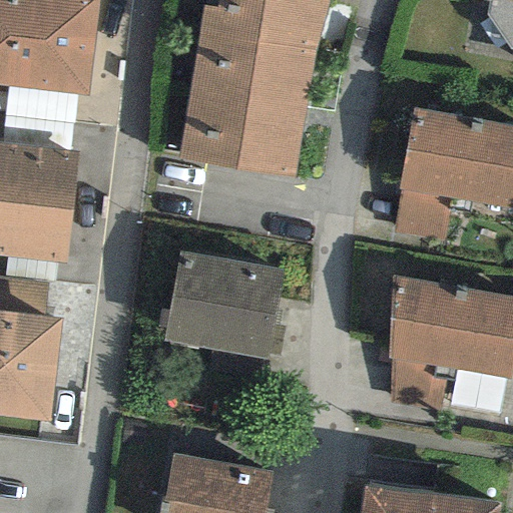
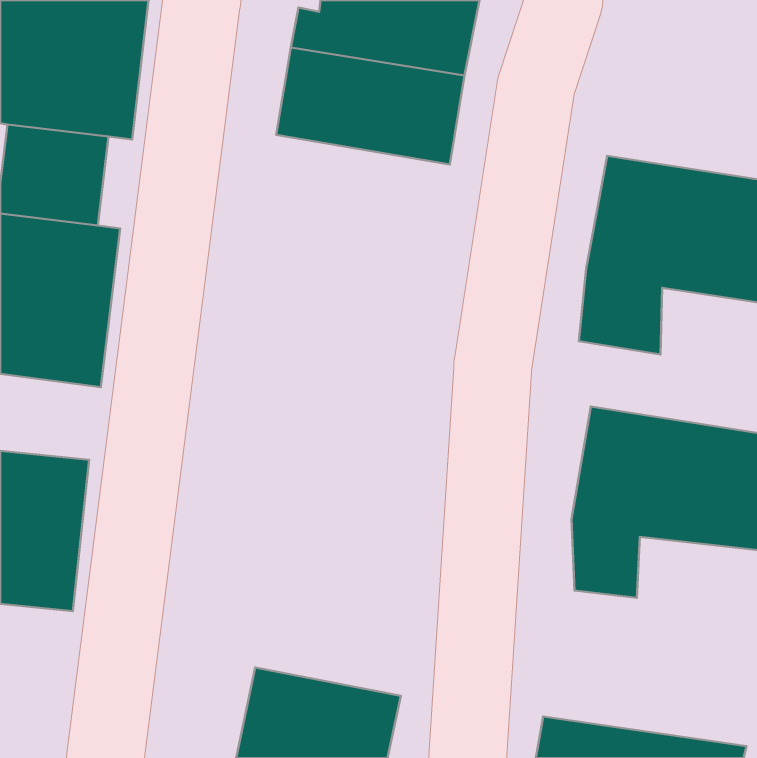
building: [176,91,305,178] -> none
building: [170,254,284,380] -> none

